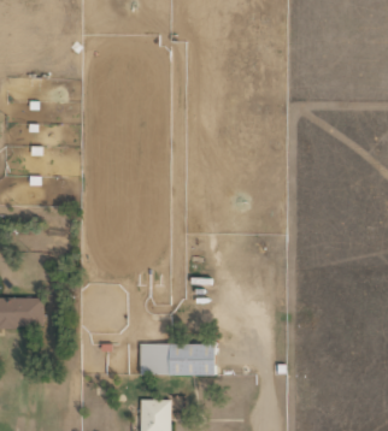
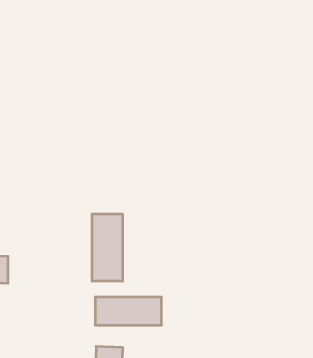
building: none -> [92,214,122,281]

